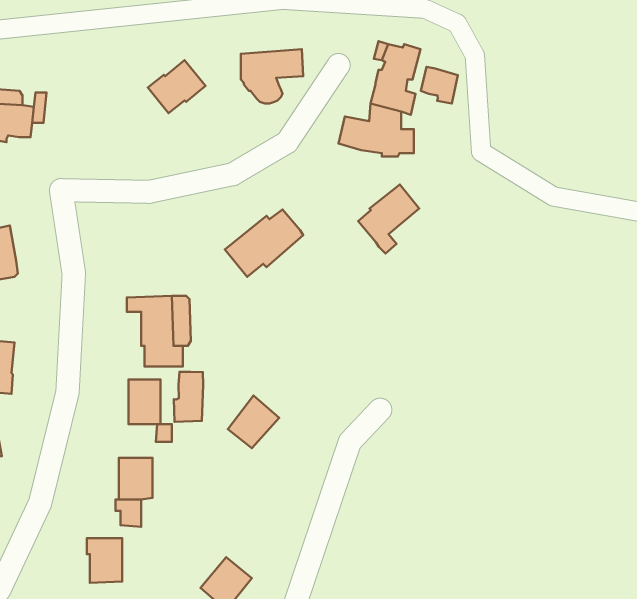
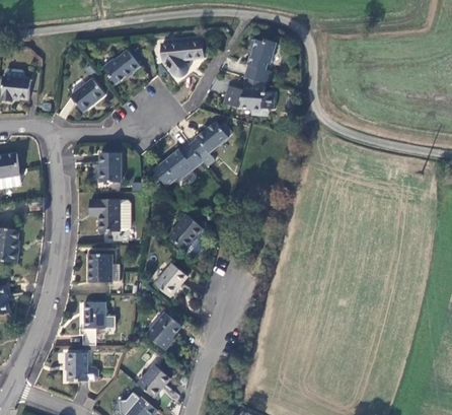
building: [421,67,458,103] -> none
building: none -> [71,78,104,112]
building: [358,184,419,253] -> [189,121,227,164]
building: none -> [99,152,120,182]
building: none -> [167,213,201,249]
building: [174,372,203,422] -> none
building: none -> [146,313,180,350]

